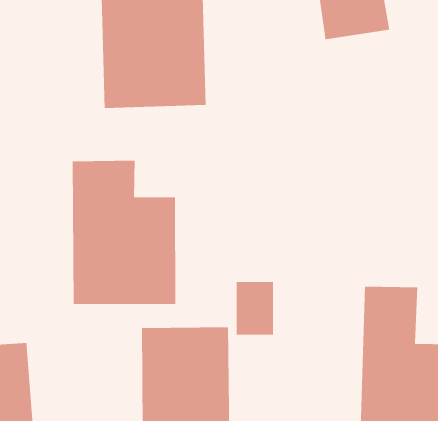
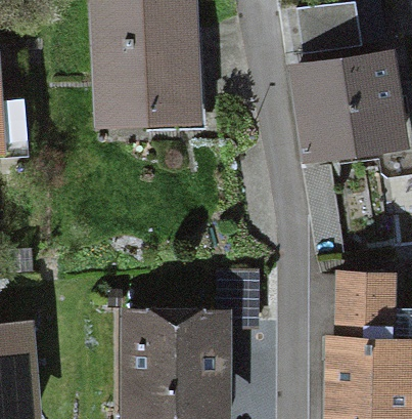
building: none -> [294,57,399,160]
building: [72,160,176,305] -> none

